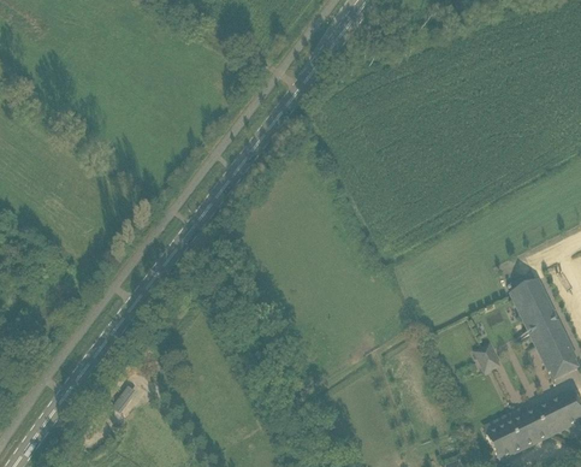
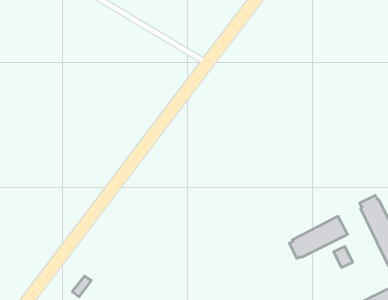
building: none -> [289,216,348,258]

